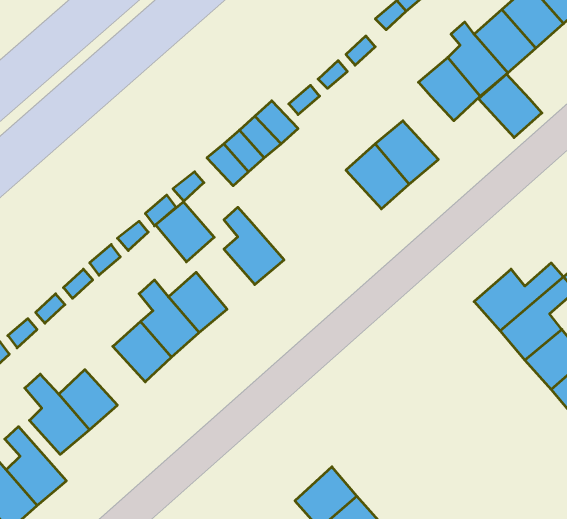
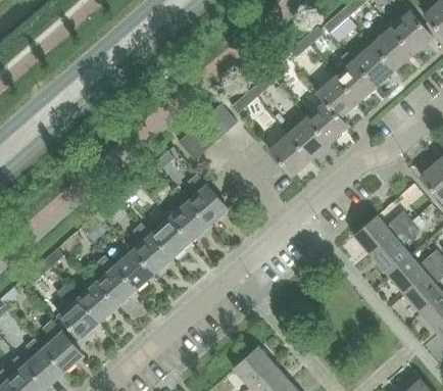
building: [479,74,542,138] -> [306,101,348,143]
building: [156,202,214,262] -> [169,202,208,242]
building: none -> [96,256,136,305]

